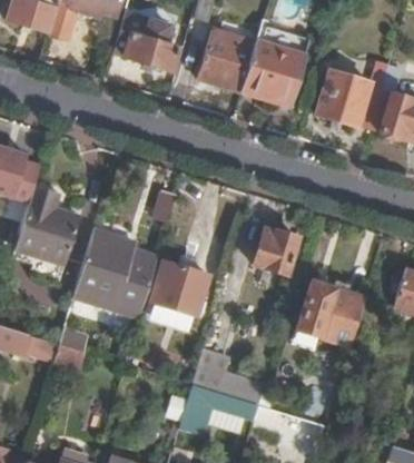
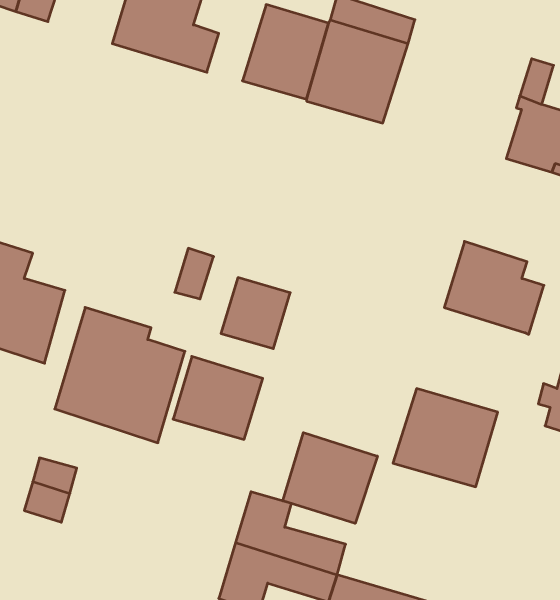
building: [315,69,381,130] -> [444,241,544,334]
building: [253,227,298,274] -> [221,278,290,349]
building: none -> [283,433,377,523]

